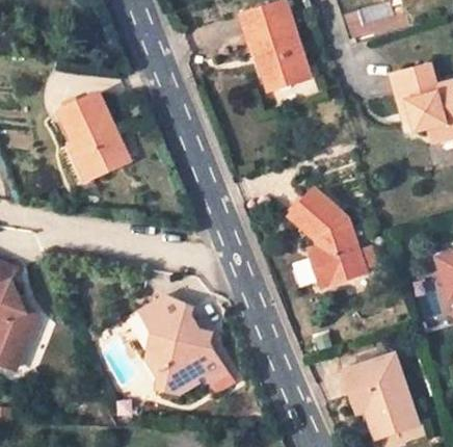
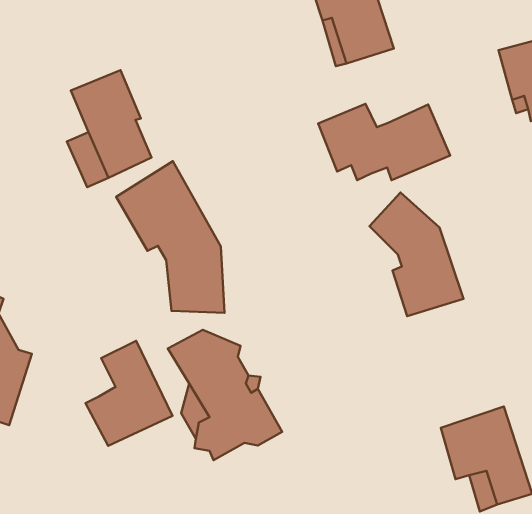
building: none -> [318,104,450,180]
building: none -> [116,161,225,313]
building: none -> [85,341,172,446]

